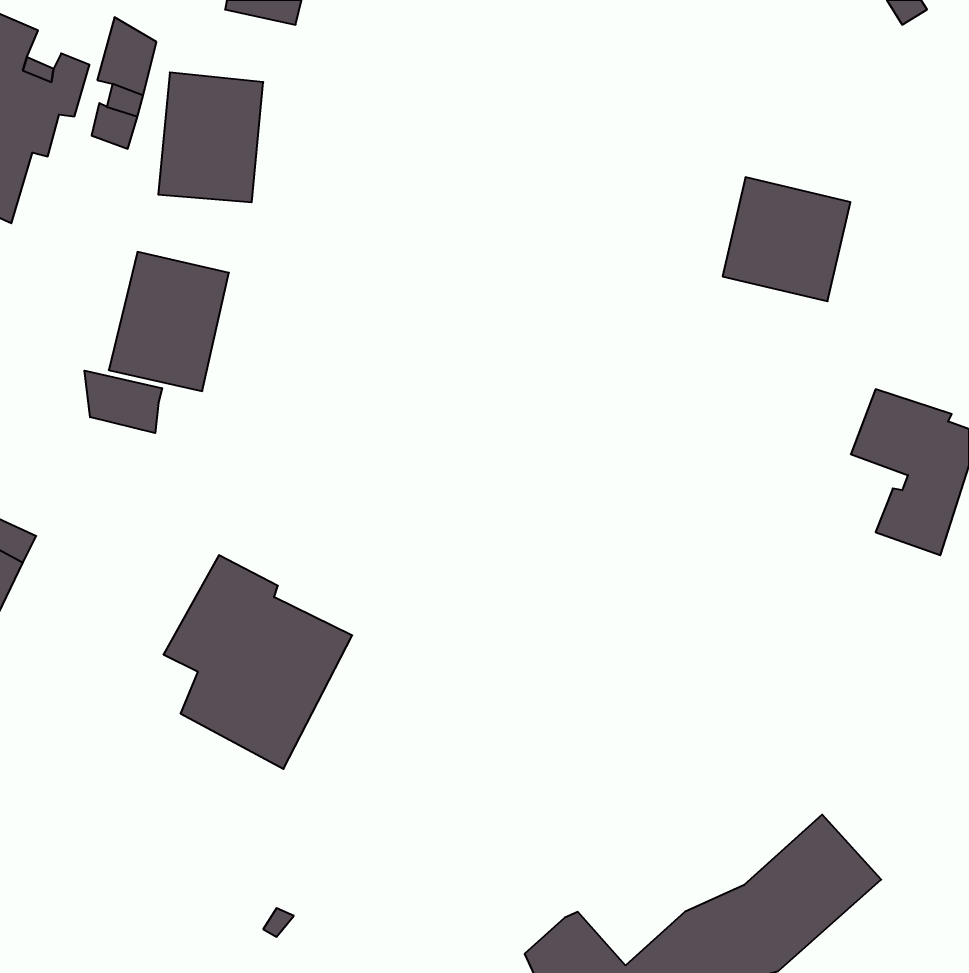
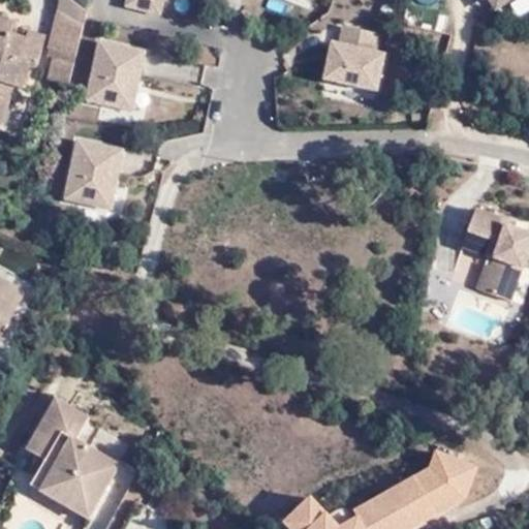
building: [723,177,850,301] -> [317,38,386,105]
building: [84,371,162,433] -> none
building: [163,555,352,769] -> [25,397,127,512]

